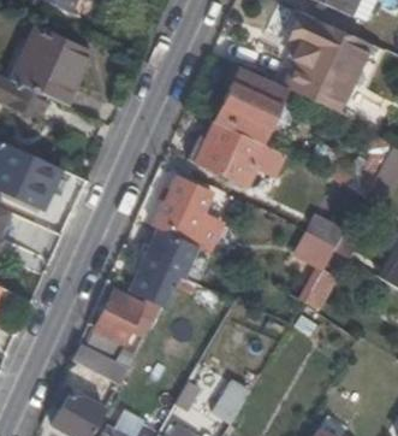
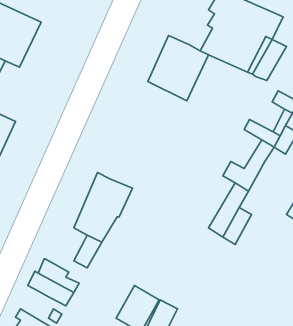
building: [195,120,283,183] -> none
building: [153,176,225,252] -> none
building: [95,291,142,344] -> none

